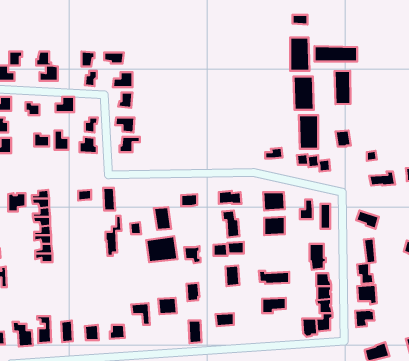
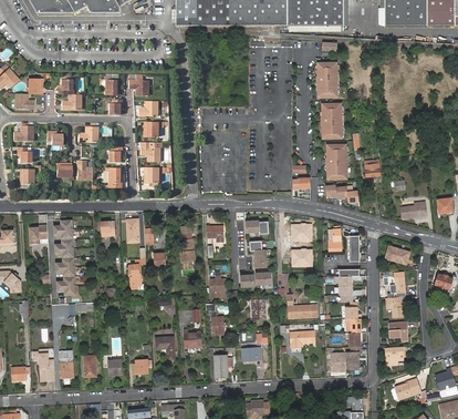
building: [315,46,357,62] -> none
building: [334,71,350,104] -> none
building: [146,236,177,262] -> none

